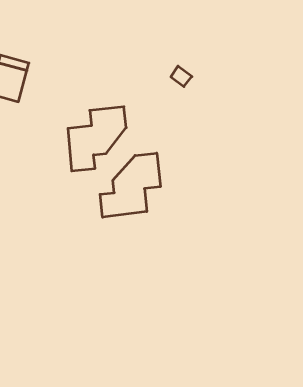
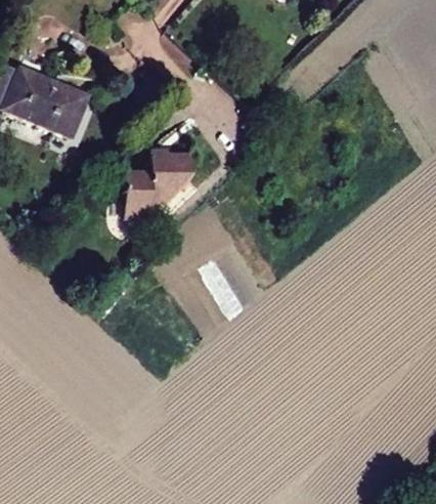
building: [100,153,160,217] -> none

